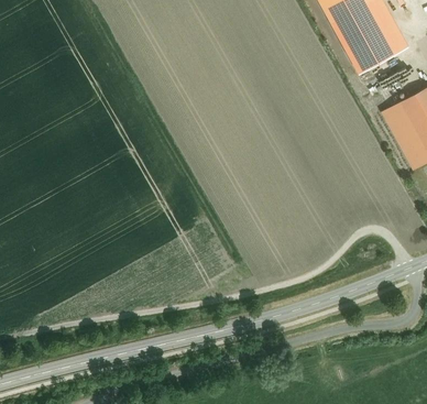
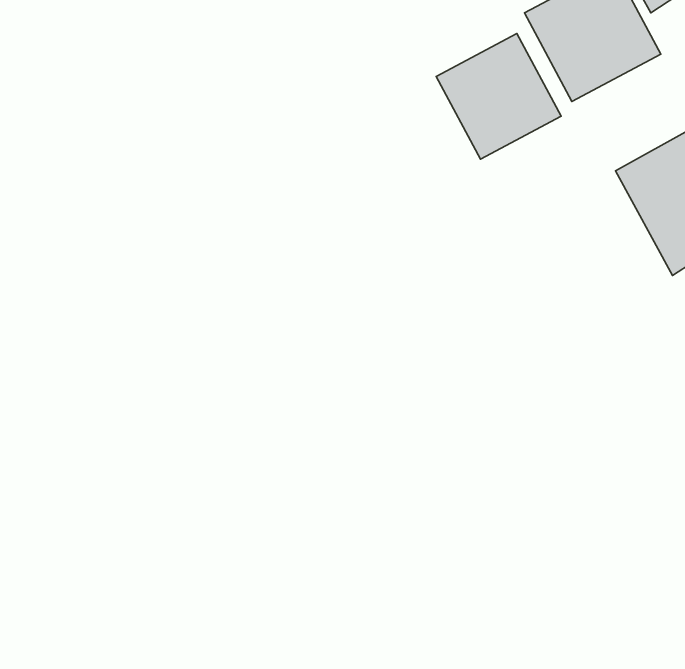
building: none -> [436,33,561,159]

